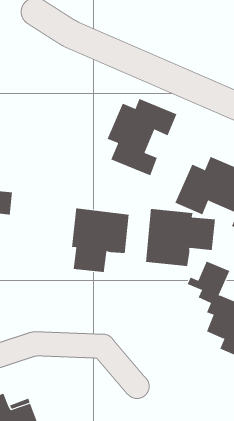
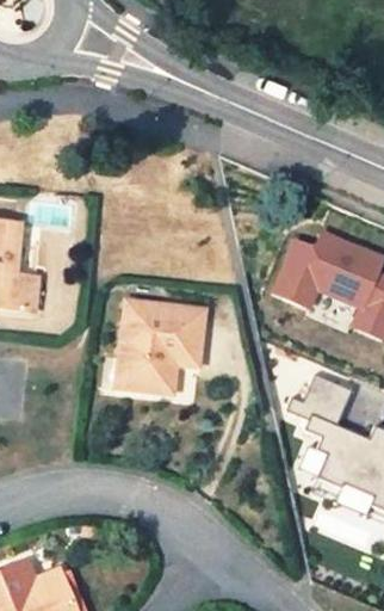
building: [107,98,177,176] -> none
building: [146,208,216,267] -> none

